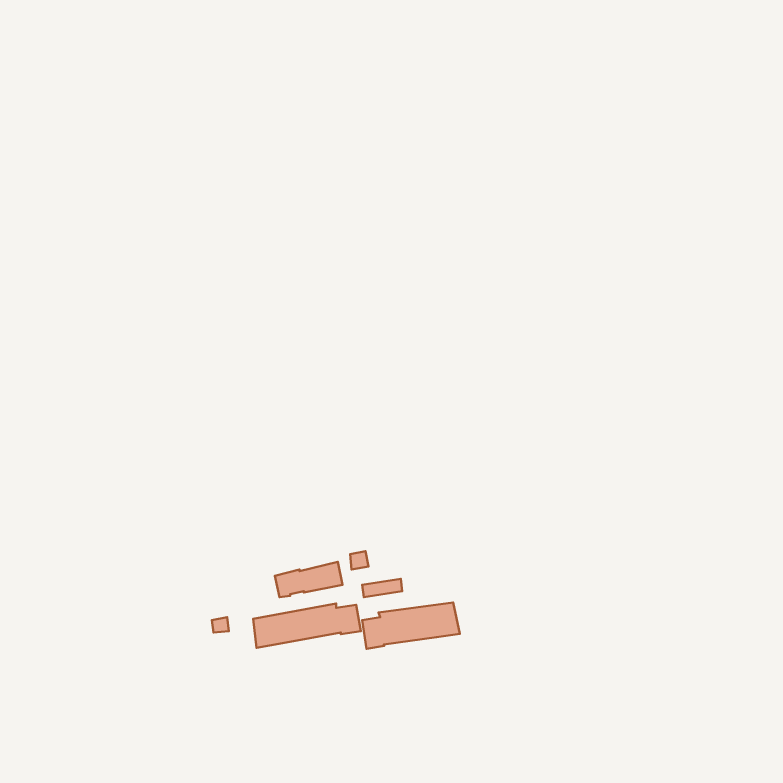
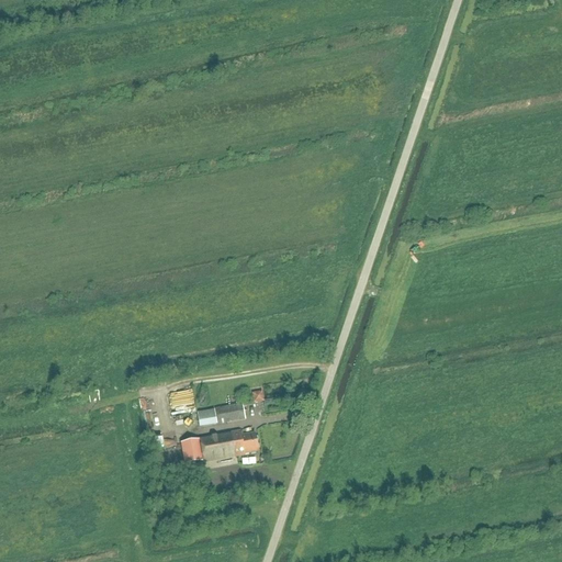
building: [362,602,460,649] -> none

